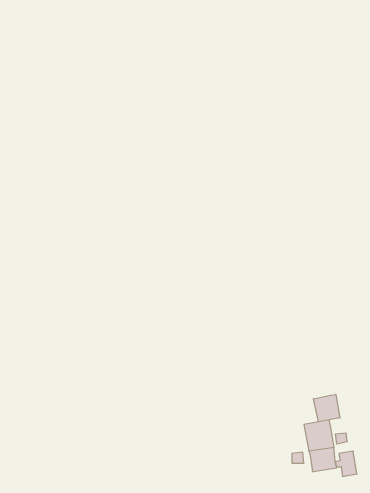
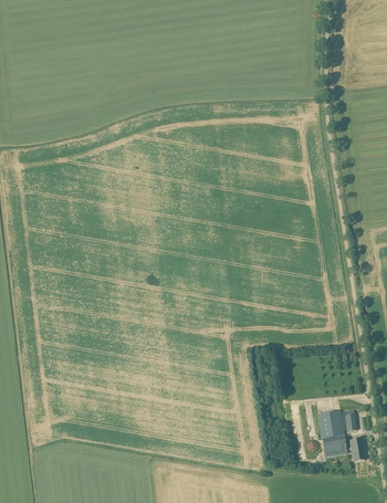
building: [313,394,340,422] -> none

